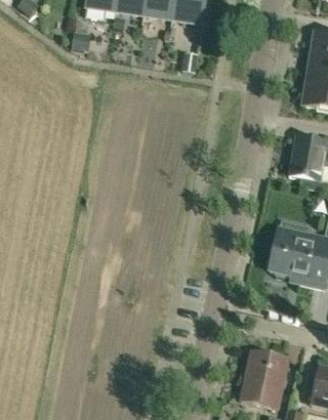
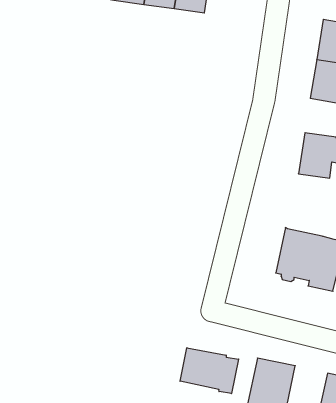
building: none -> [180,348,239,394]

